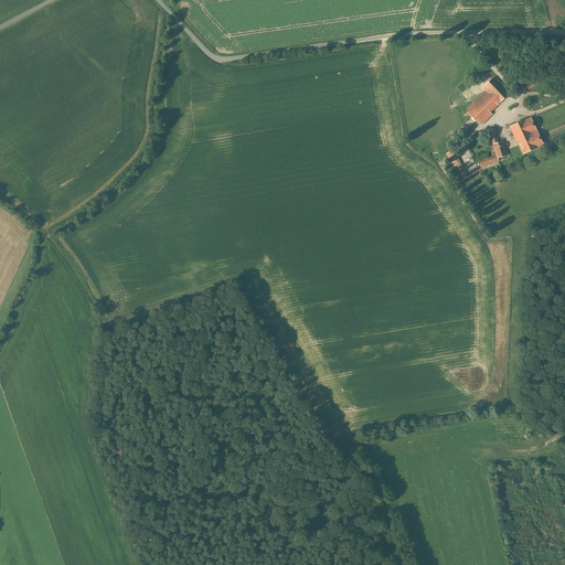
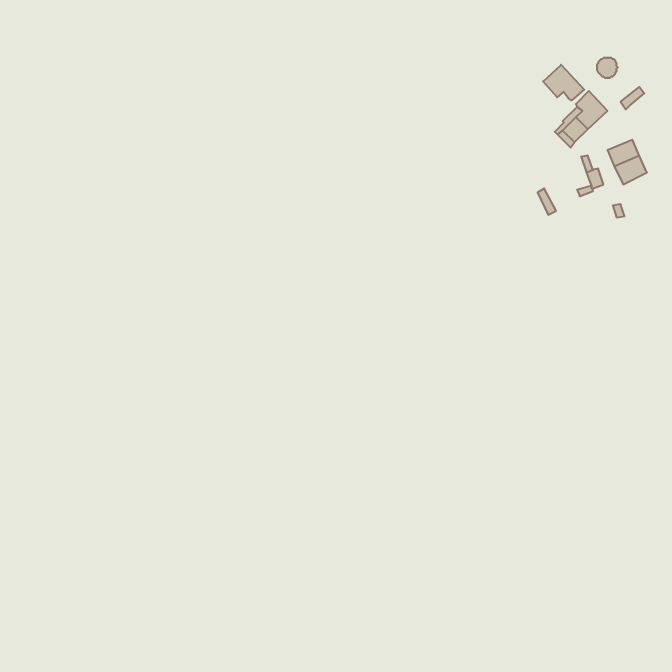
building: none -> [543,65,584,100]

